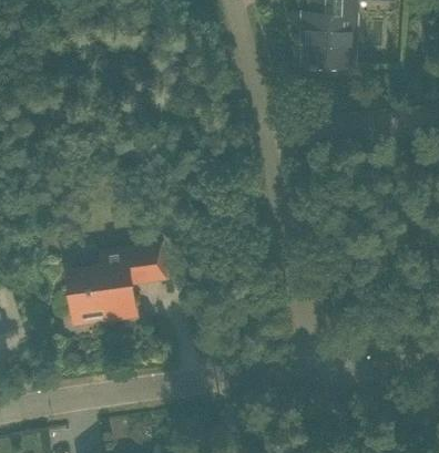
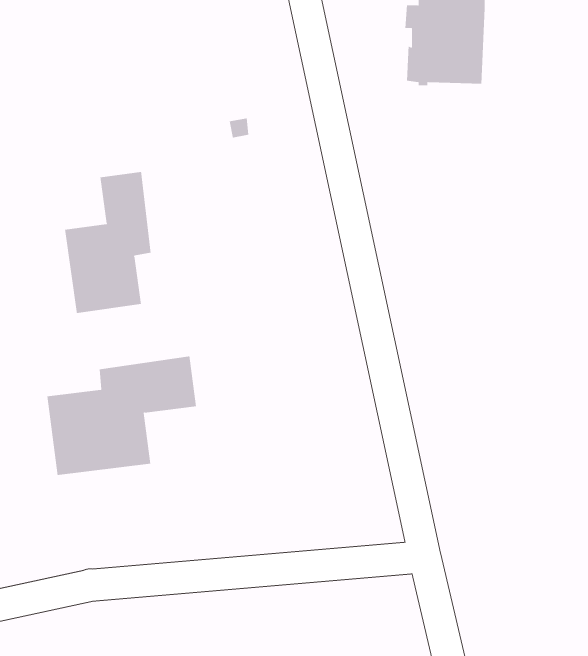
building: none -> [65,171,151,314]

